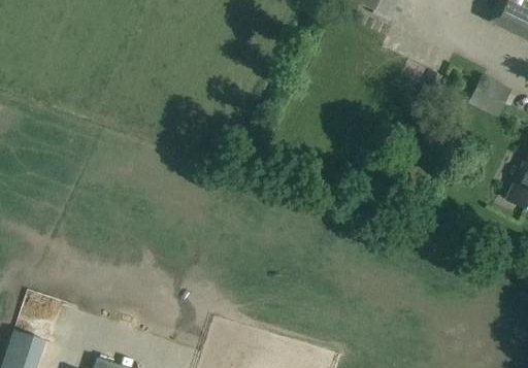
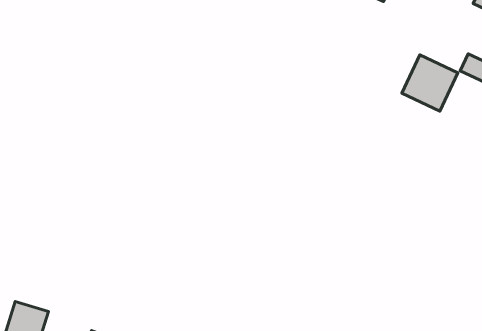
building: none -> [402,55,458,111]

